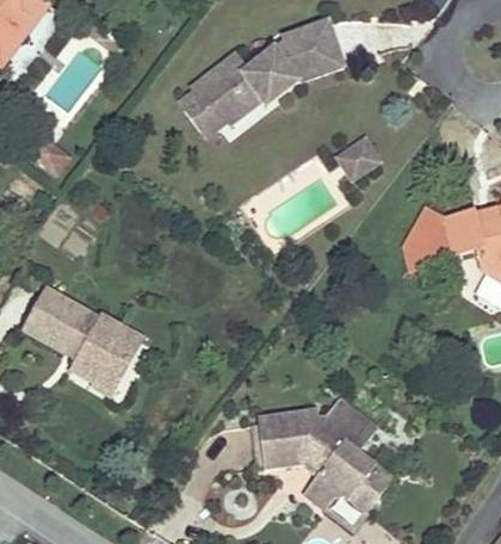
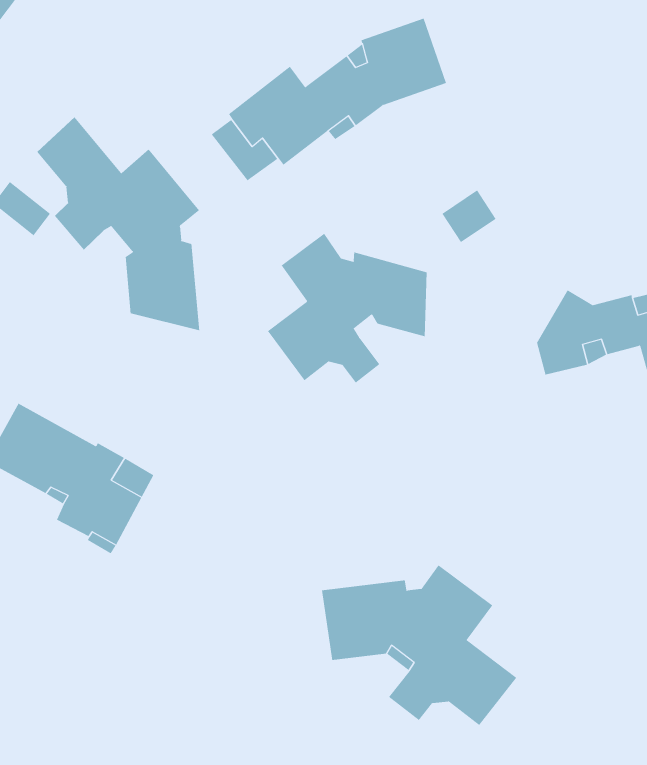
building: none -> [36,117,200,331]
building: none -> [267,233,427,384]

